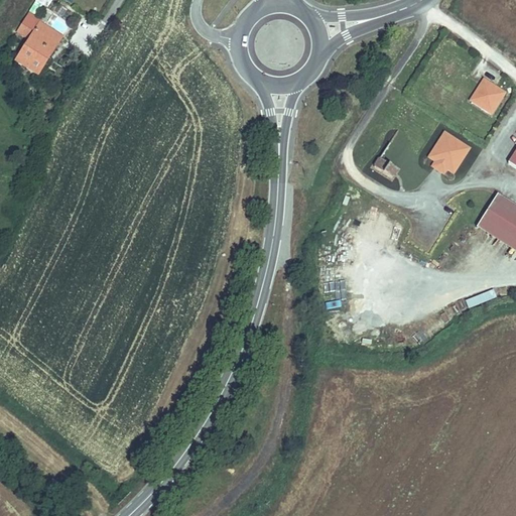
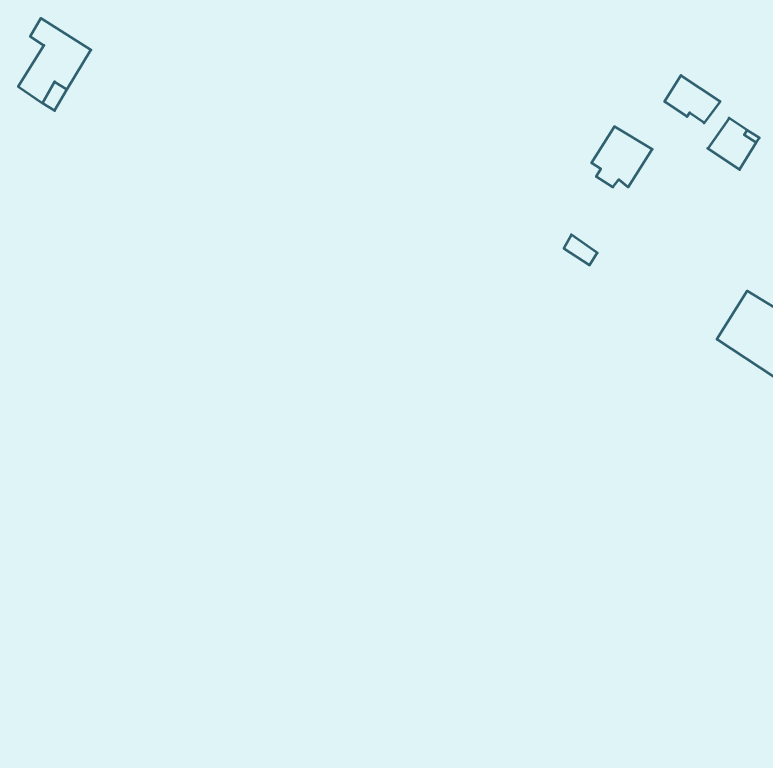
building: none -> [665,75,720,123]
building: [430,132,471,172] -> [592,127,652,187]

